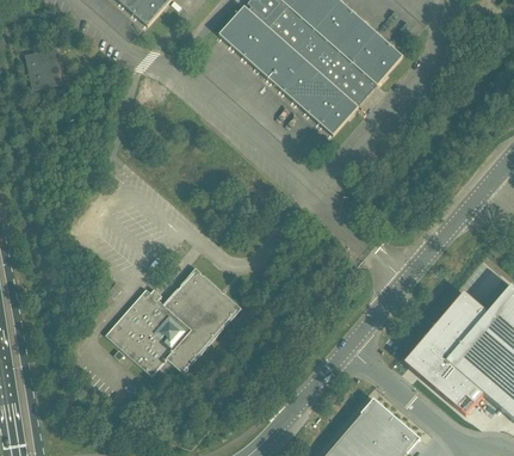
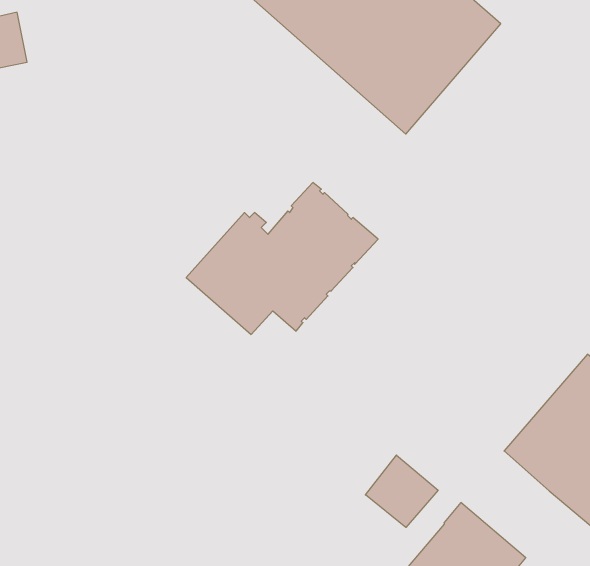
building: [105,267,242,376] -> [186,183,378,334]
building: none -> [365,455,438,527]

